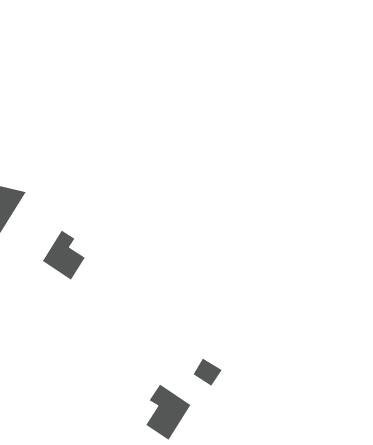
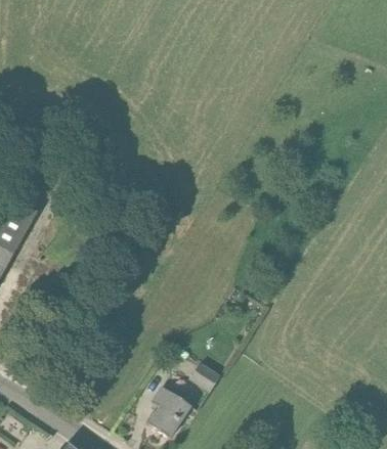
building: [42,230,86,281] -> none

